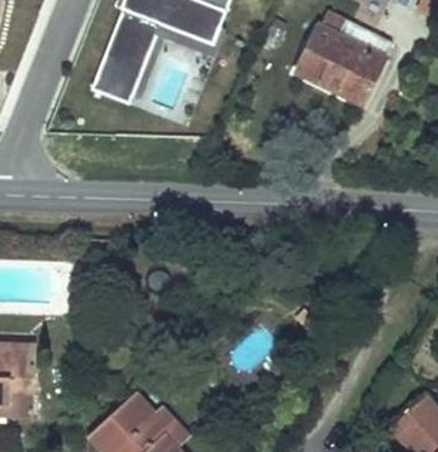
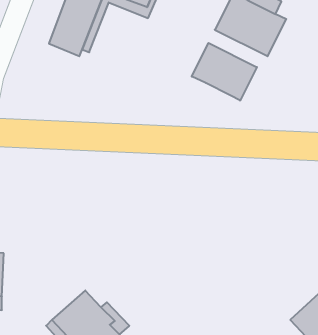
building: none -> [192,43,257,101]

